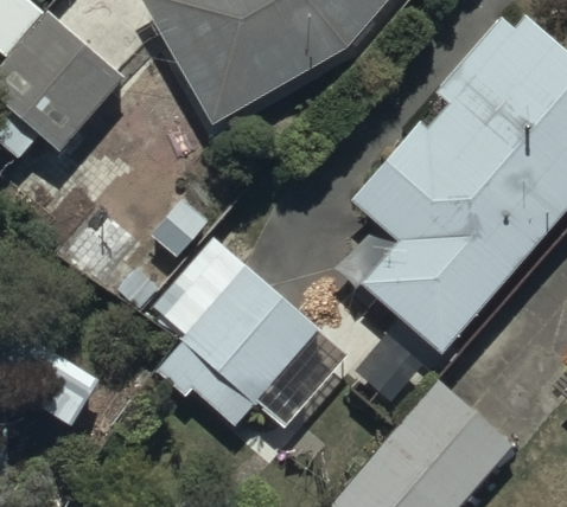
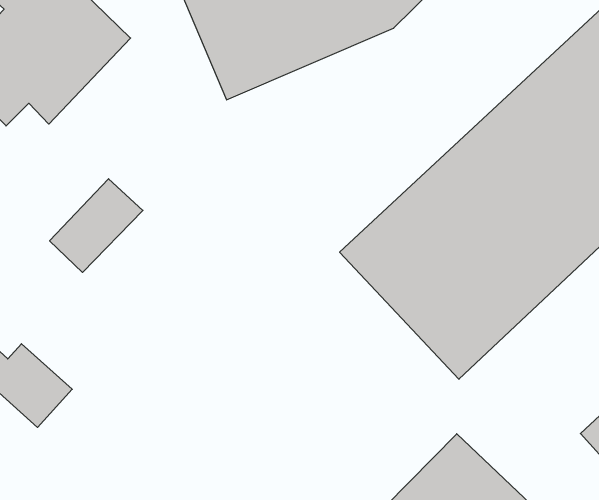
building: [180,271,325,416] -> none

